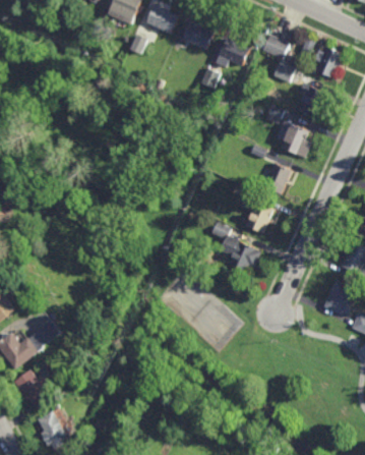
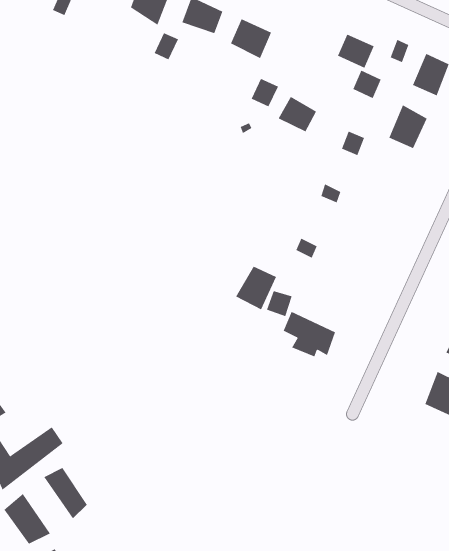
building: [221,39,249,65] -> [278,96,317,132]
building: [278,121,311,158] -> none
building: [263,162,292,193] -> none
building: [245,203,276,235] -> [235,266,277,310]
building: none -> [44,467,88,519]

